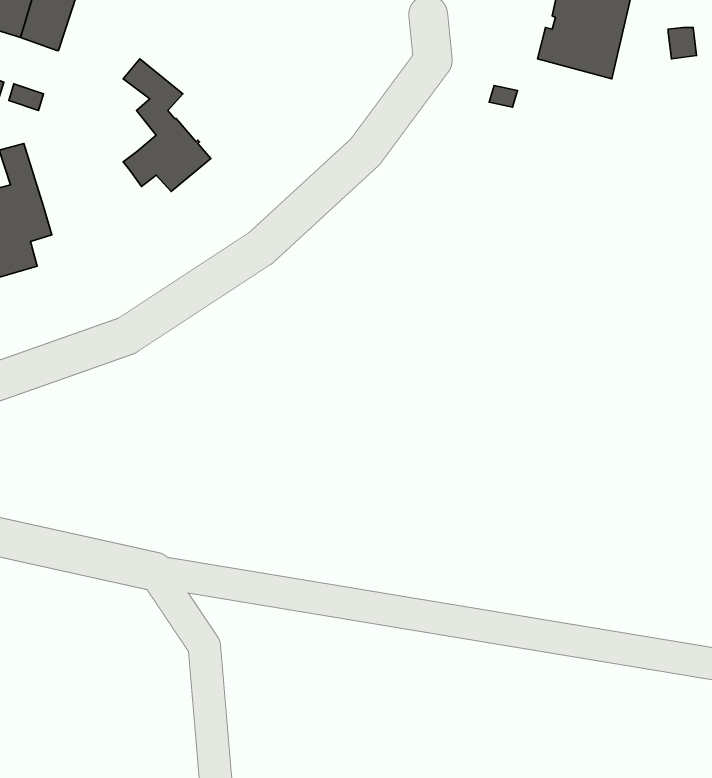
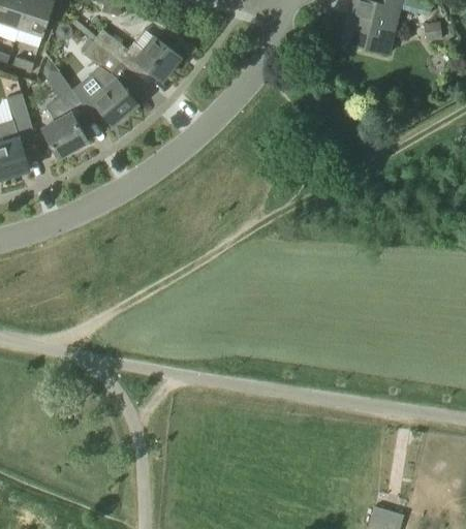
building: none -> [93,30,180,80]
building: none -> [42,71,87,157]

